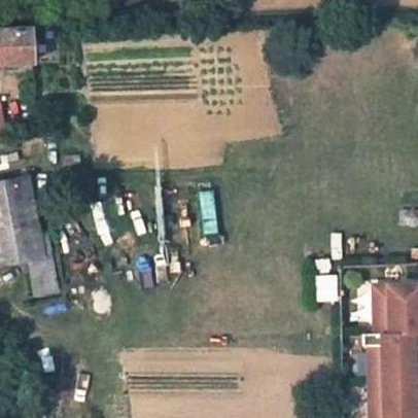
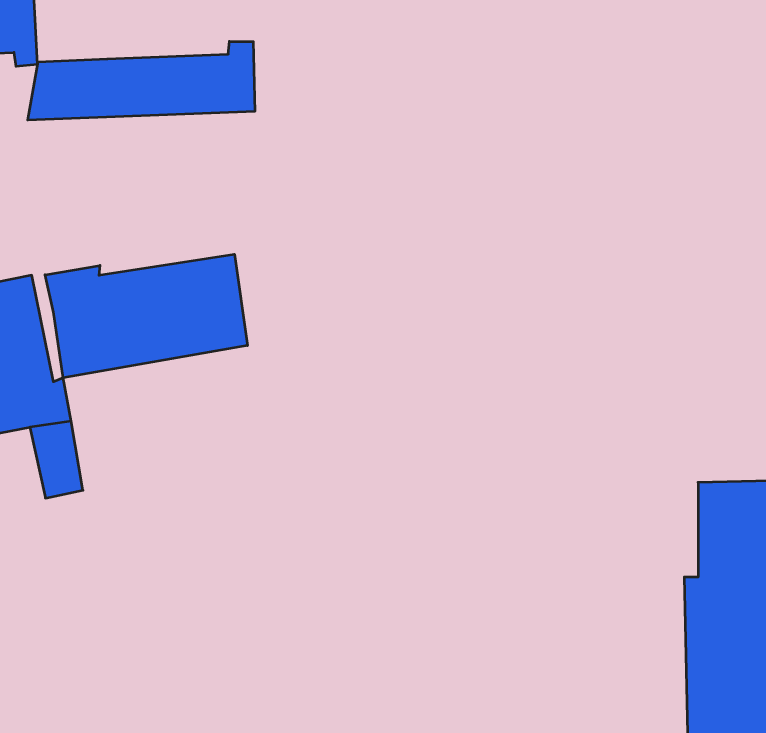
building: none -> [28,41,255,120]
building: none -> [45,254,247,378]

